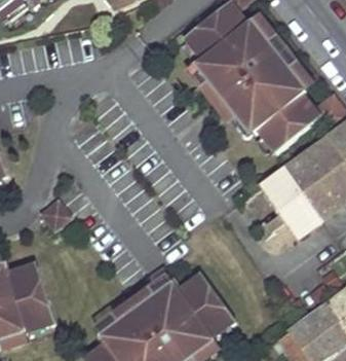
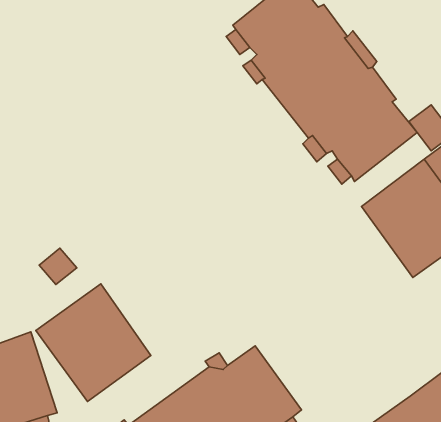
building: [256,168,317,239] -> none
building: none -> [36,284,151,401]

